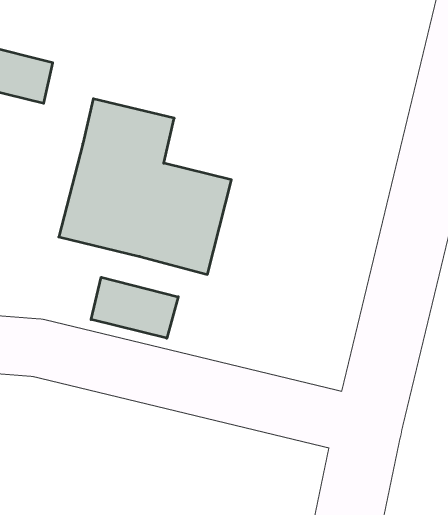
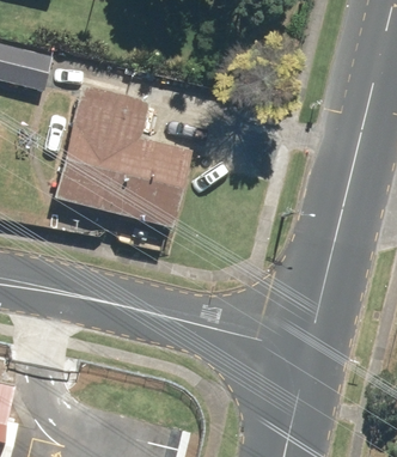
building: [91,277,178,338] -> none

